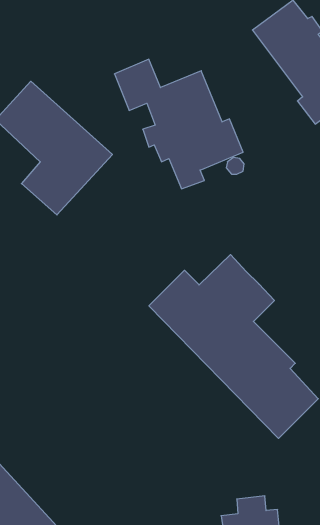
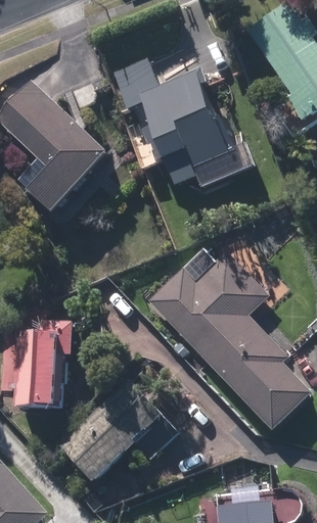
building: none -> [15,323,74,403]
building: none -> [59,381,179,483]

